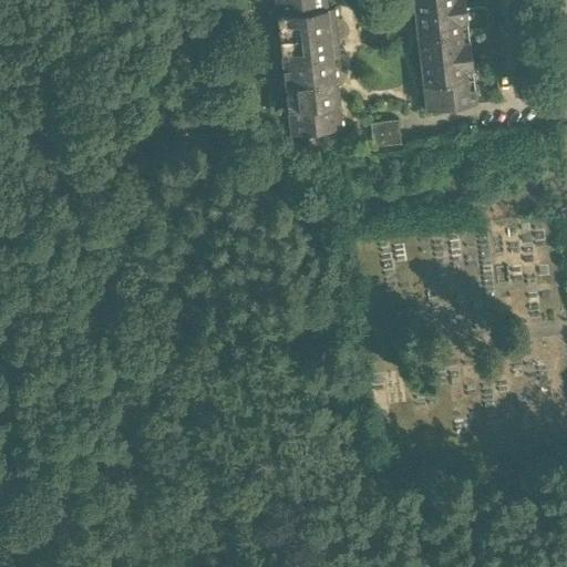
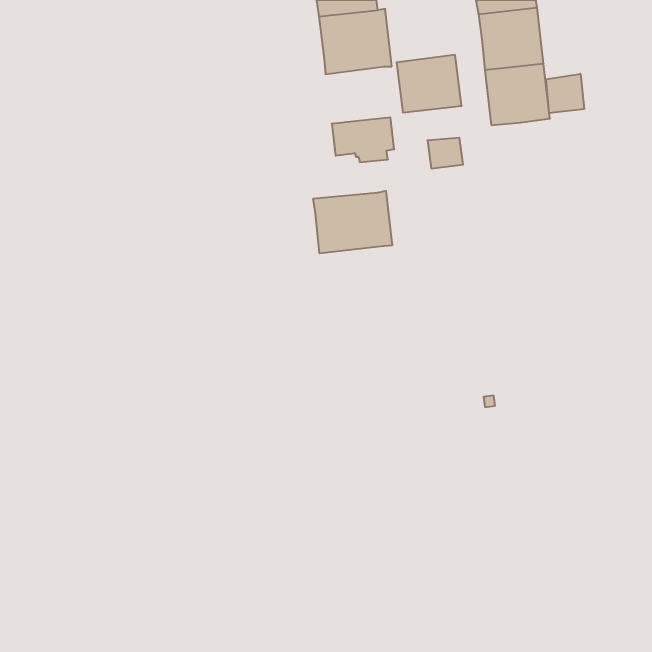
building: [282,58,339,107] -> [396,55,462,112]
building: none -> [546,74,584,113]
building: none -> [313,191,392,253]

